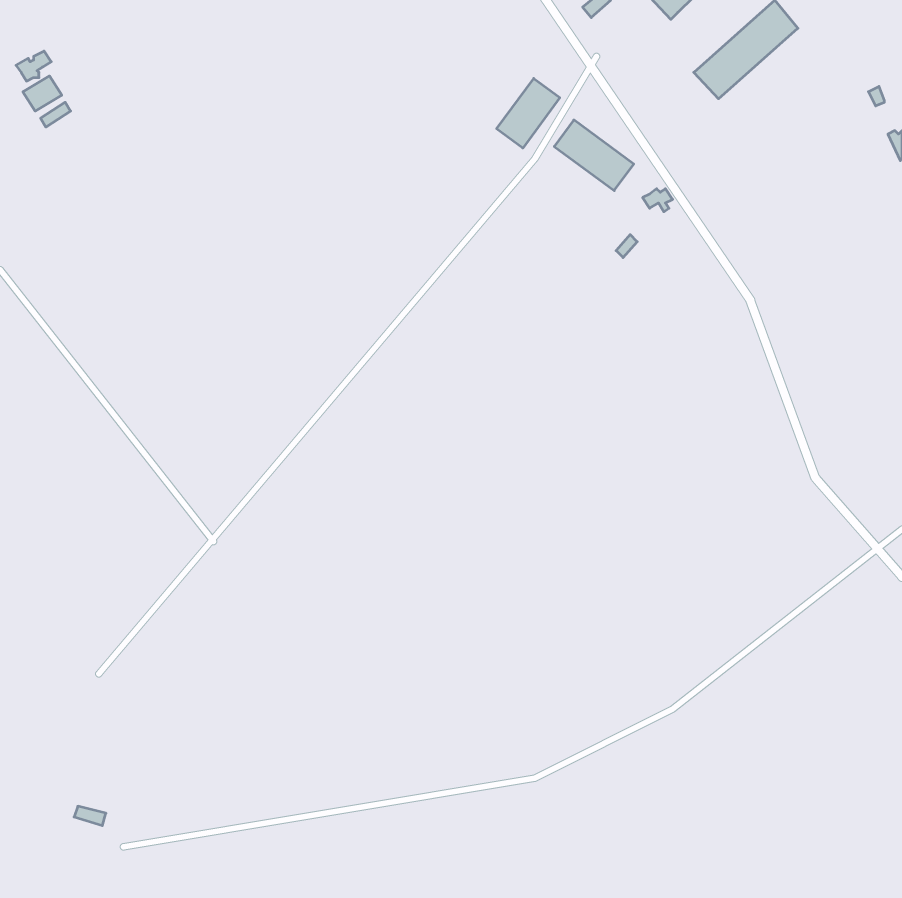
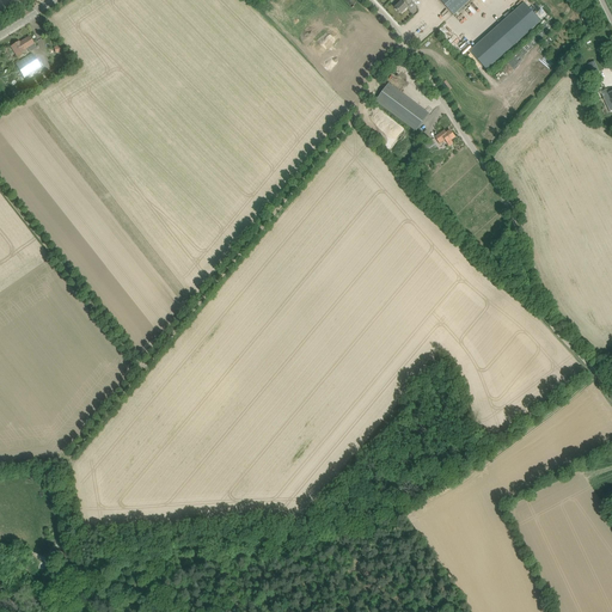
building: [497,78,560,148] -> none

